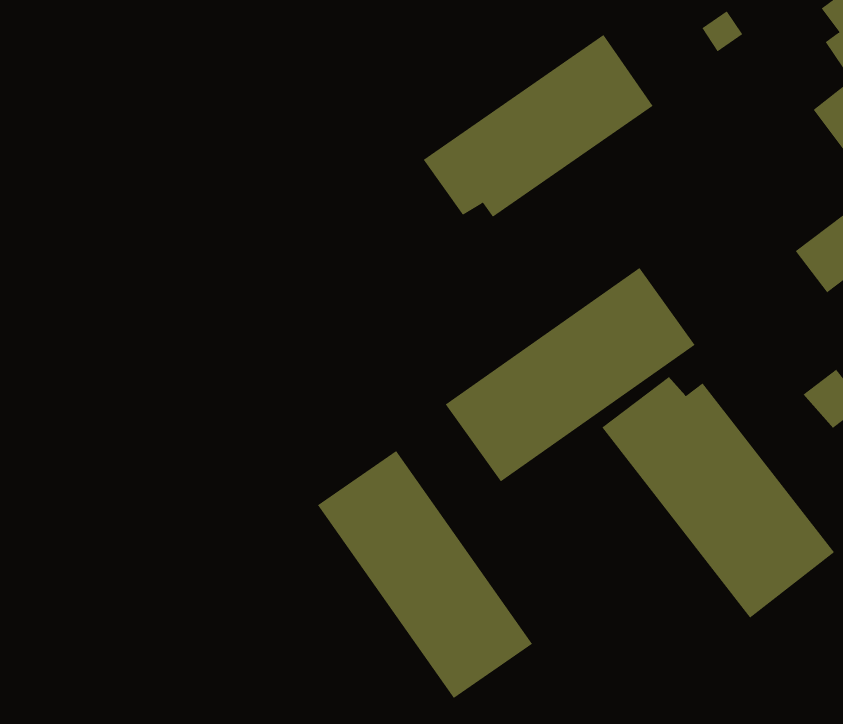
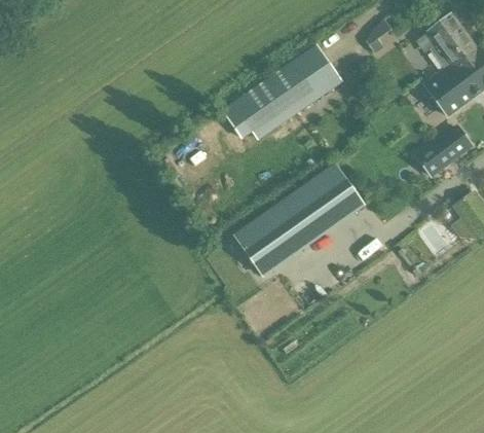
building: [601,376,835,618] -> none
building: [317,450,533,699] -> none

